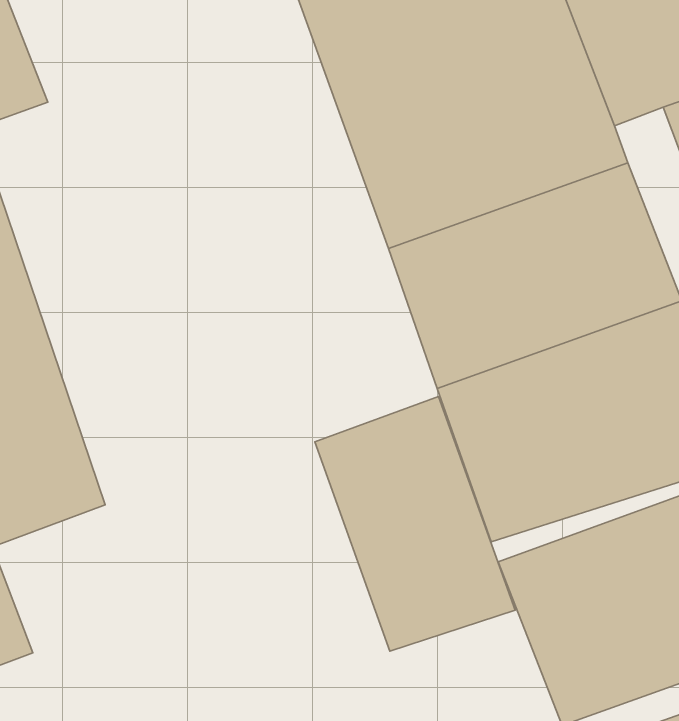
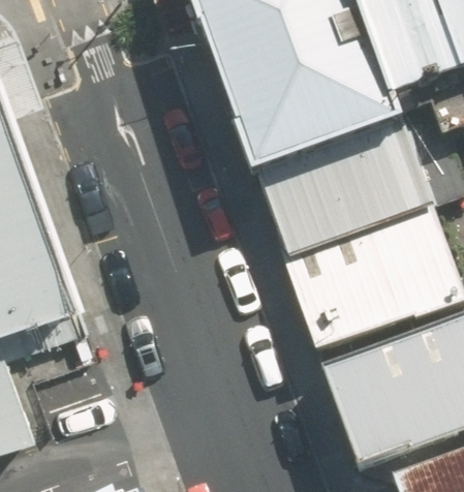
building: [315,396,515,651] -> none

